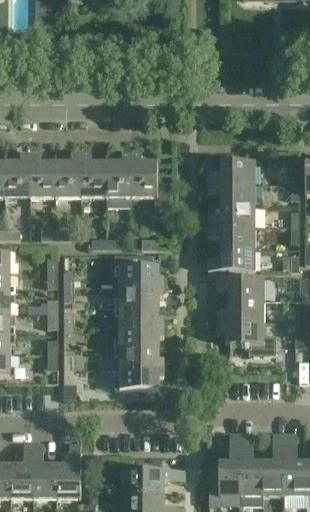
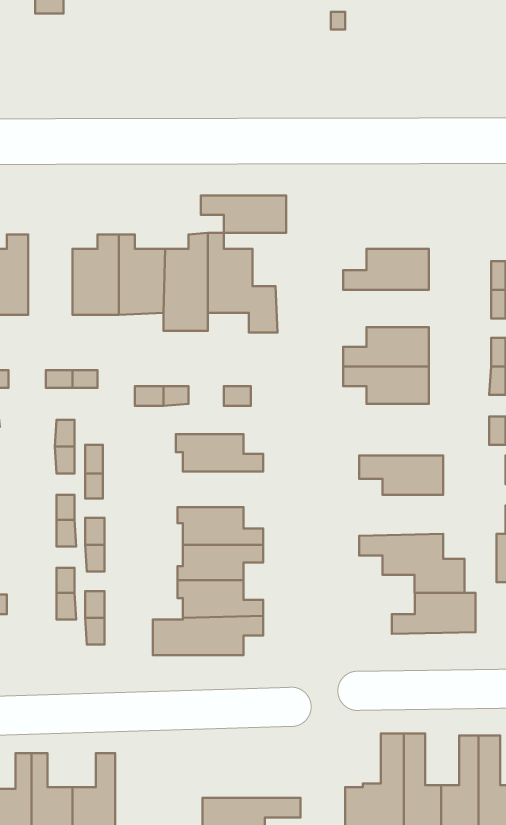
building: [31,153,56,198] -> none
building: [208,184,256,205] -> [201,195,286,233]
building: [208,248,256,271] -> none
building: [115,286,163,306] -> none
building: [217,299,264,322] -> [392,593,475,634]

